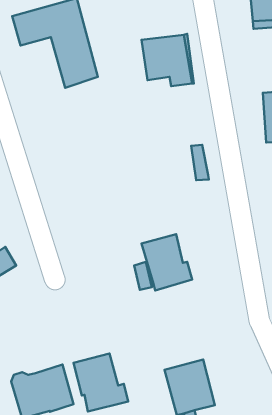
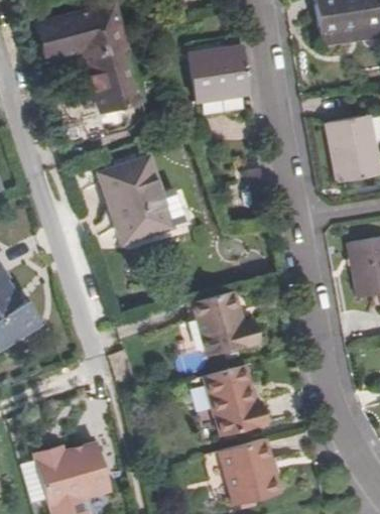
building: none -> [98,157,183,240]
building: [73,353,128,412] -> [202,365,267,434]

